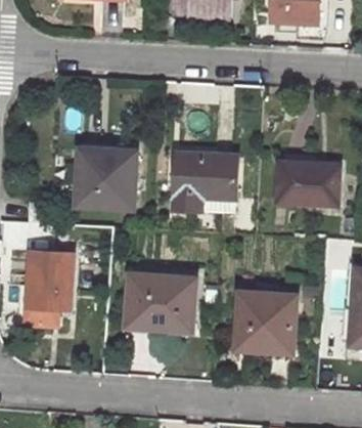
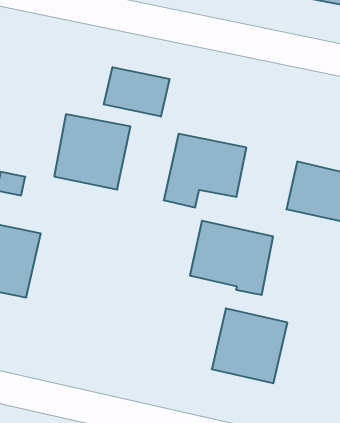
building: none -> [104,67,170,117]
building: [128,275,193,331] -> [190,221,273,295]

